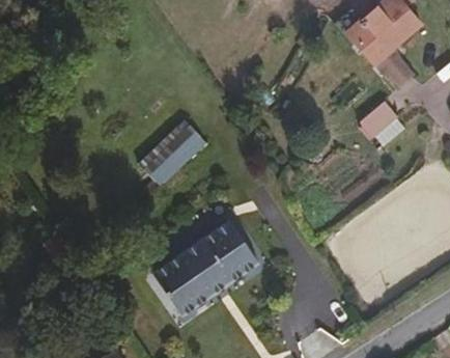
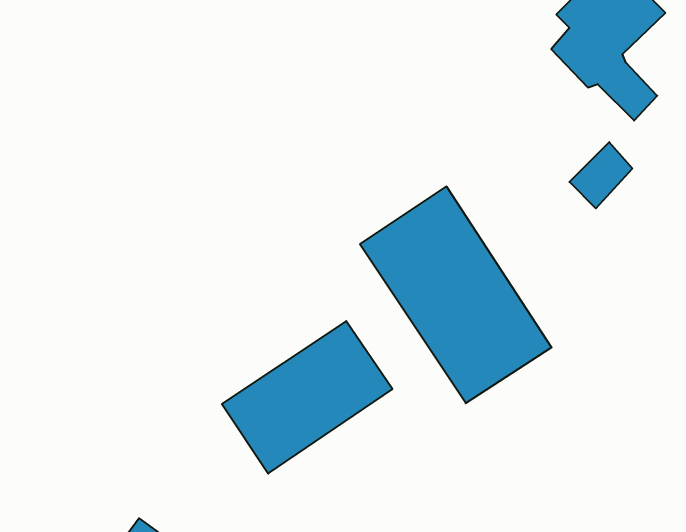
building: [145,114,212,180] -> none
building: none -> [360,186,552,403]

